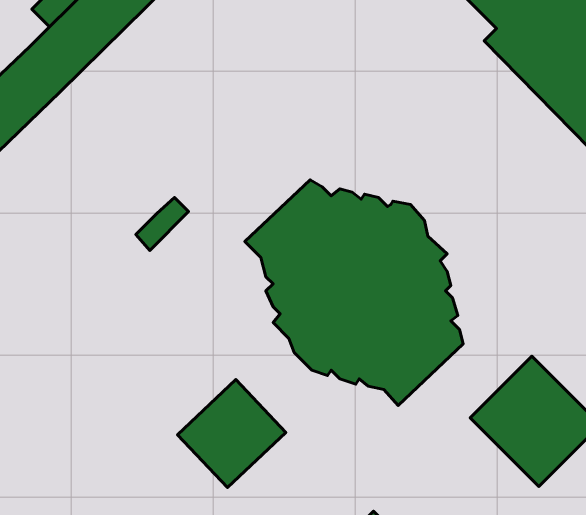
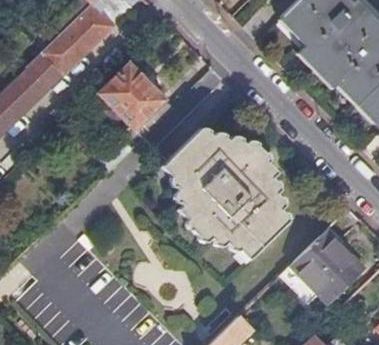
building: none -> [100,64,173,129]
building: [178,380,286,488] -> none

